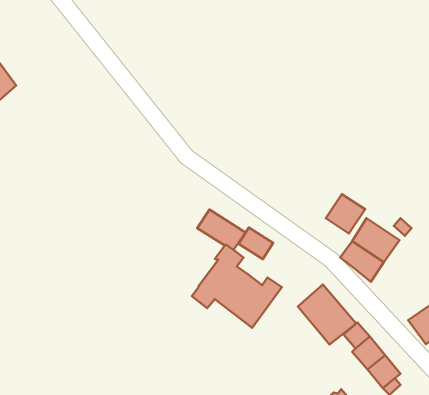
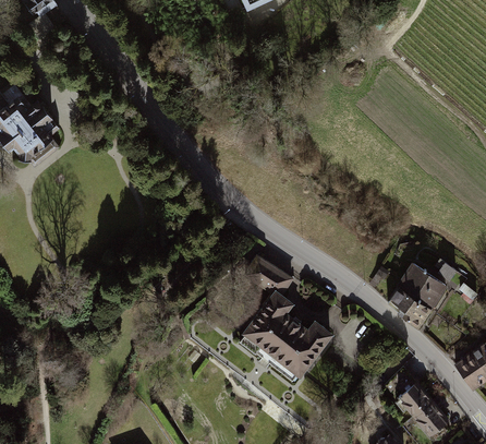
building: [326,194,365,233] -> none
building: [238,227,273,259] -> none
building: [298,284,356,345] -> none

